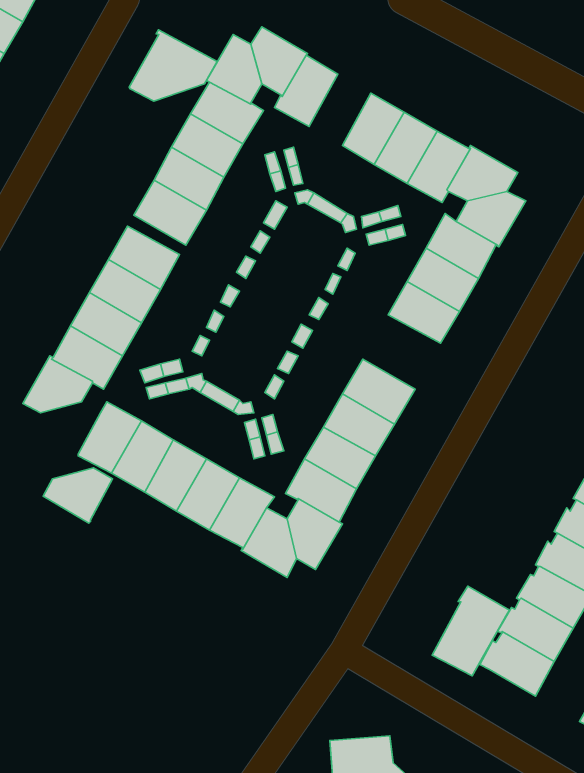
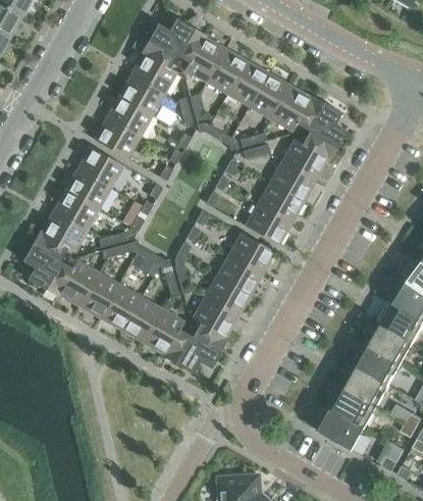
building: [129,30,217,101] -> none
building: none -> [207,48,247,94]
building: none -> [245,203,292,244]
building: [43,468,113,523] -> [28,259,72,295]
building: [432,586,510,676] -> none

